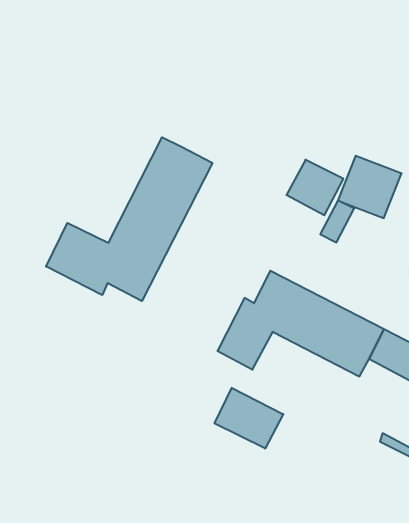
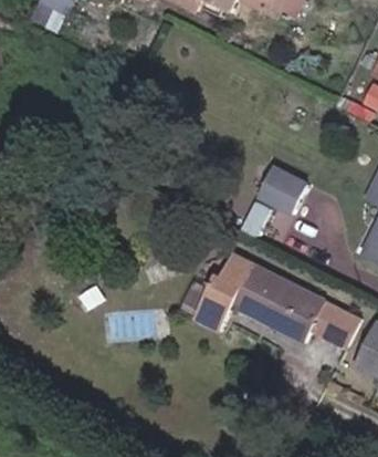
building: [46,137,212,301] -> none
building: [215,388,283,449] -> none

